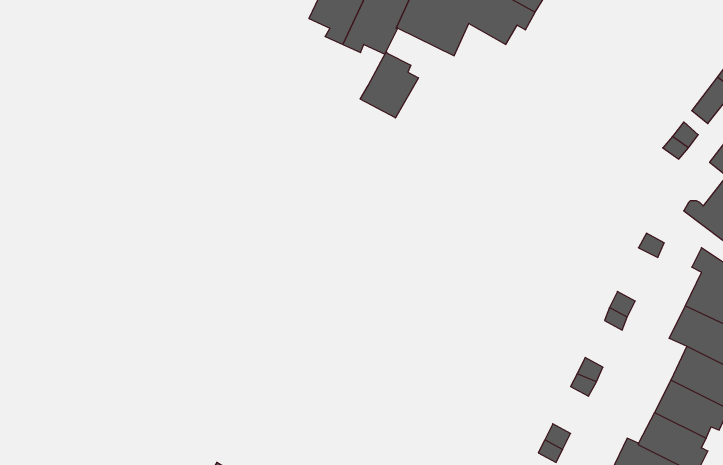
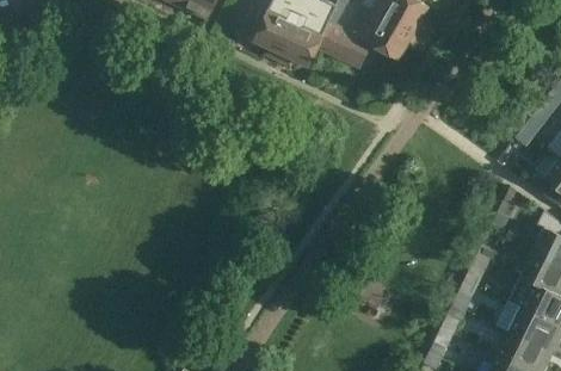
building: [360,52,418,118] -> none

